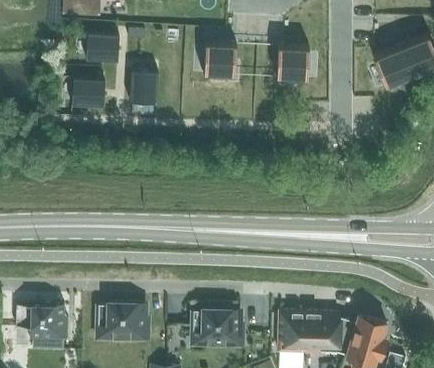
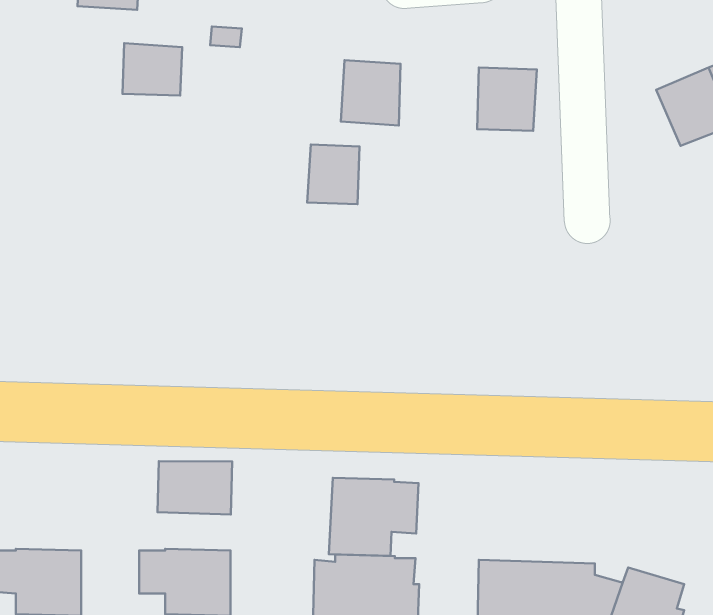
building: [131,71,159,103] -> [307,145,359,204]
building: [73,78,106,107] -> none
building: none -> [157,461,232,515]
building: none -> [329,478,419,556]

